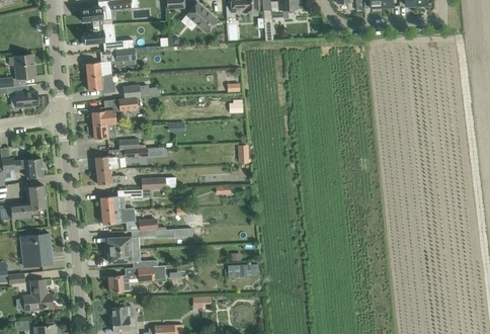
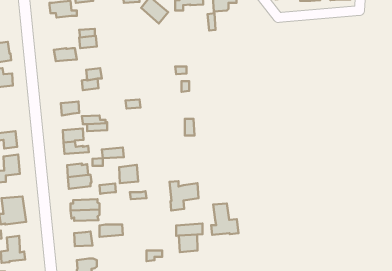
building: [81,24,107,45] -> none
building: [87,75,114,93] -> none
building: [90,106,115,126] -> none
building: none -> [119,165,138,183]
building: none -> [170,181,198,211]
building: none -> [211,204,239,235]
building: none -> [179,234,198,252]

